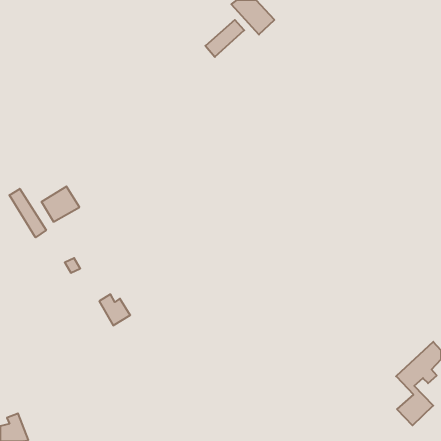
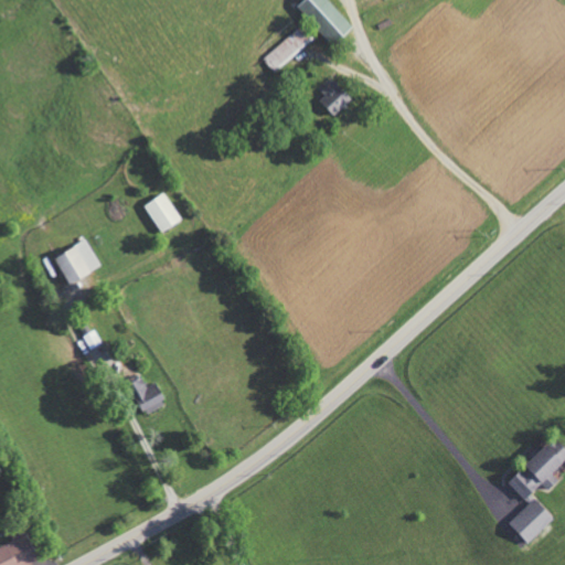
building: none -> [317,81,351,116]
building: none -> [143,192,181,232]
building: [9,189,46,237] -> none

